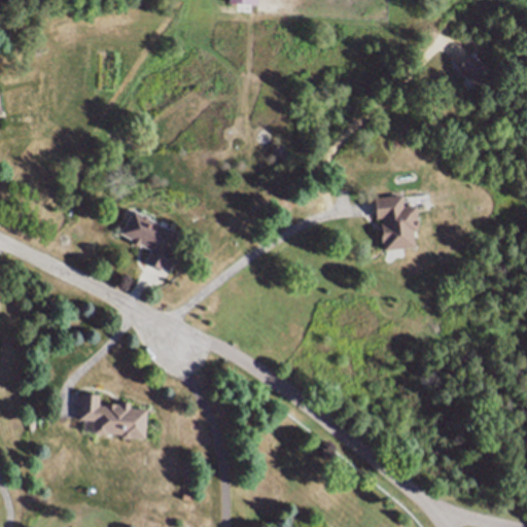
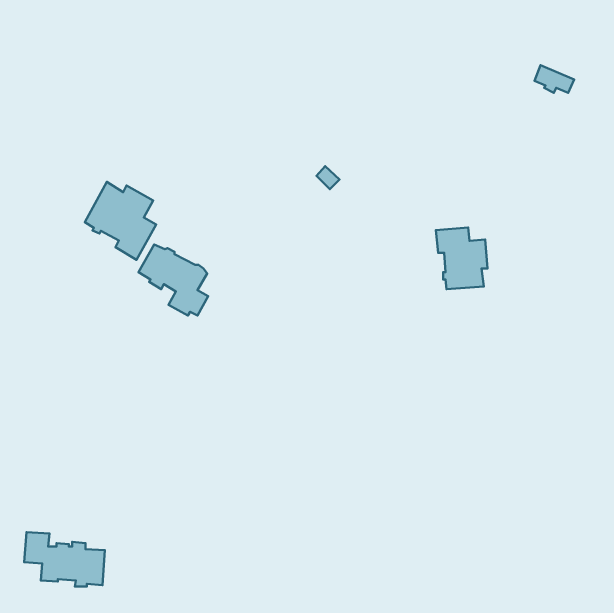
building: none -> [85,182,156,260]
building: [77,394,146,441] -> [24,532,105,586]

